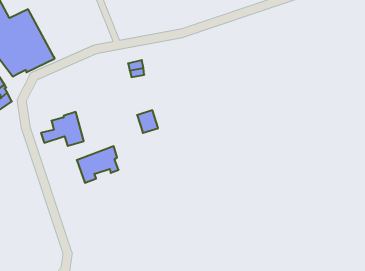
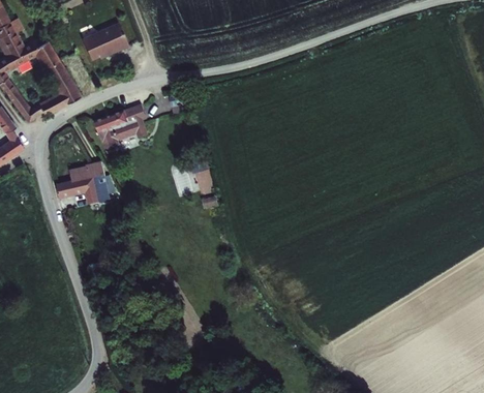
building: none -> [87,25,134,63]
building: [77,146,119,183] -> [95,105,149,152]

